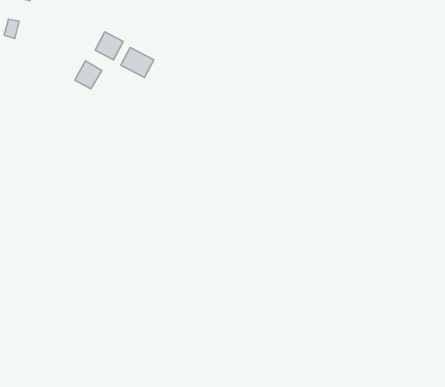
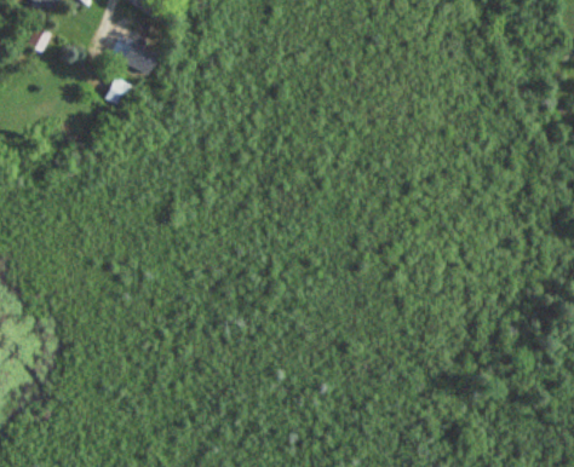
building: [121,47,154,78] -> none

